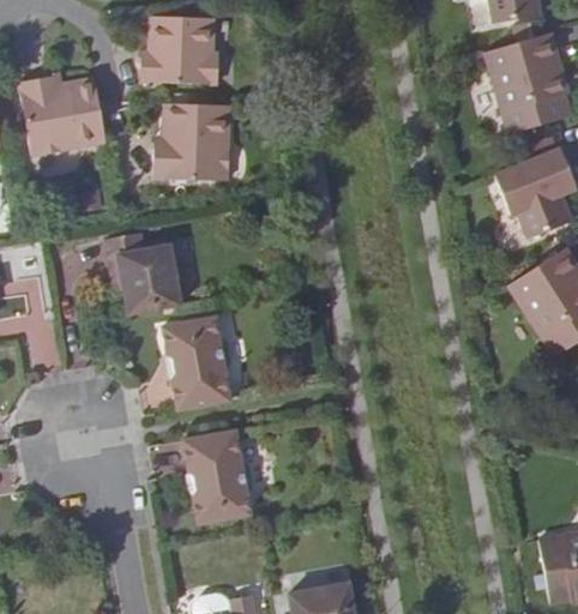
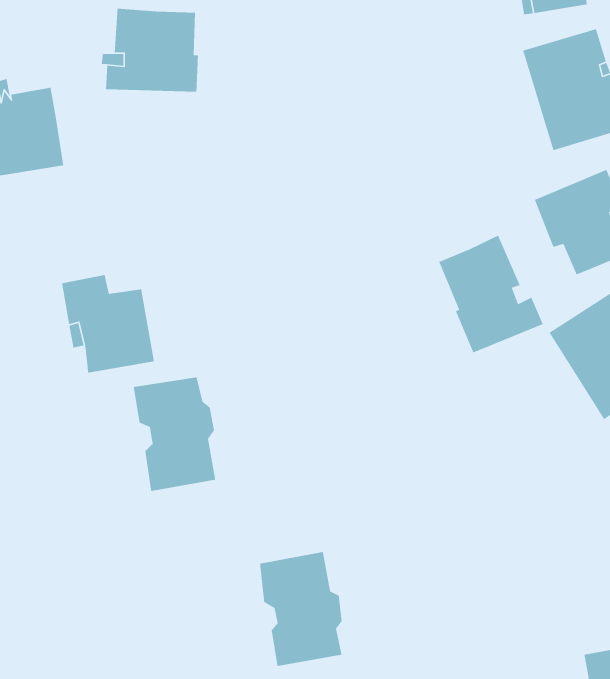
building: [153,102,231,181] -> none
building: none -> [438,235,544,354]
building: [186,429,254,524] -> [259,551,343,667]

